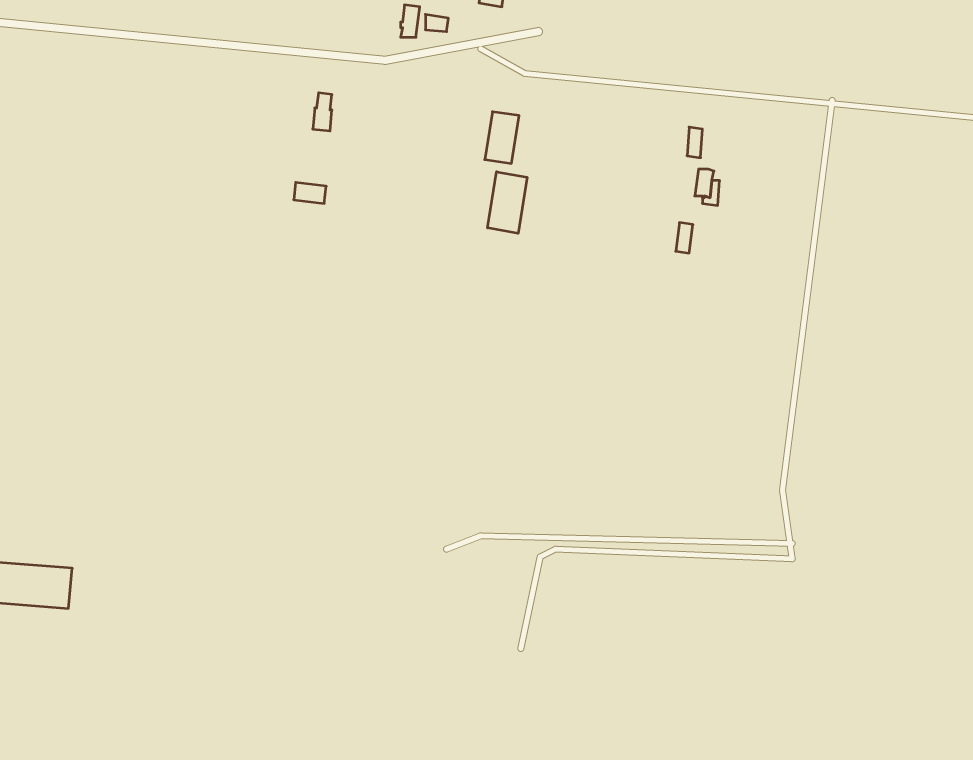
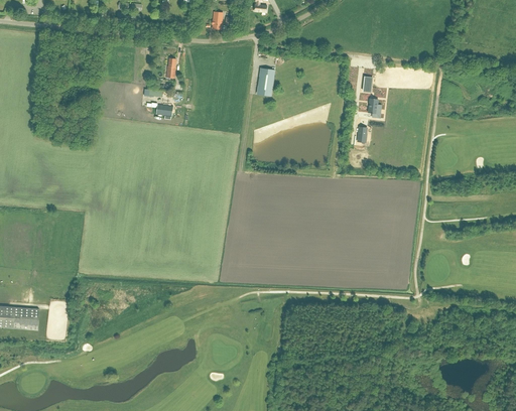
building: [488,172,527,233] -> none

